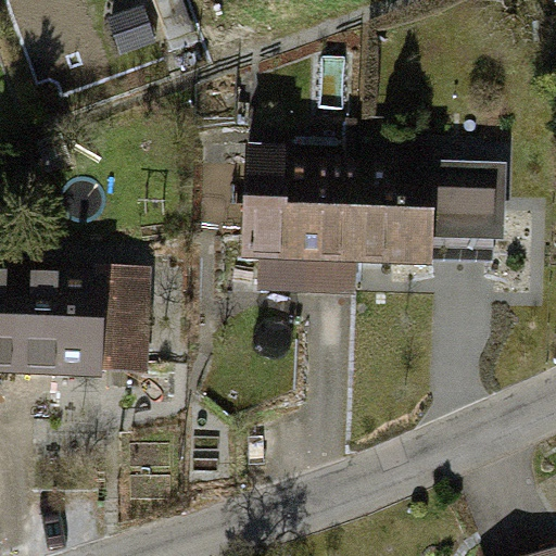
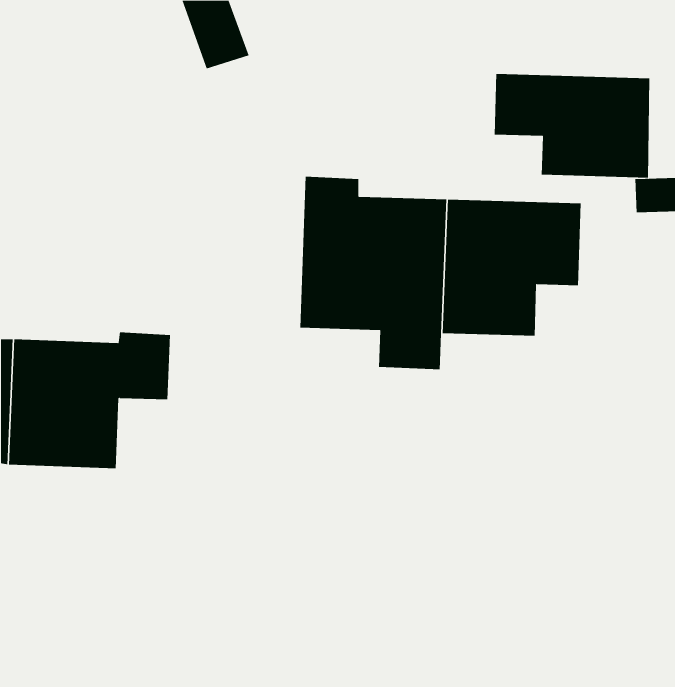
building: none -> [494,73,650,178]

